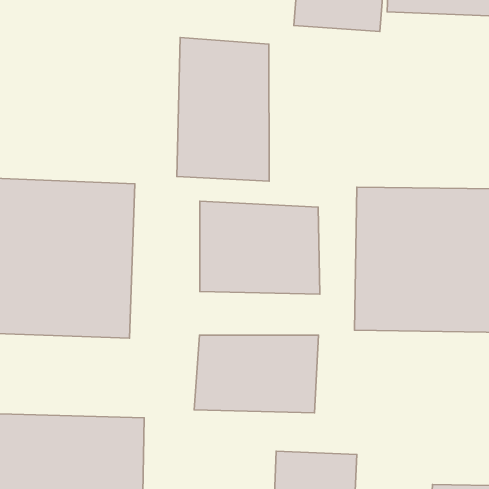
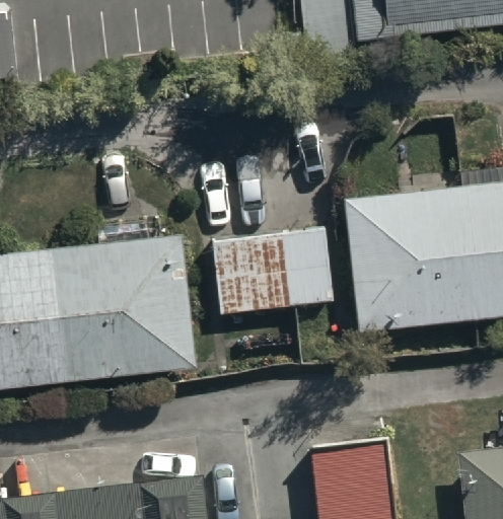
building: [177,38,269,181] -> none
building: [194,335,318,413] -> none

